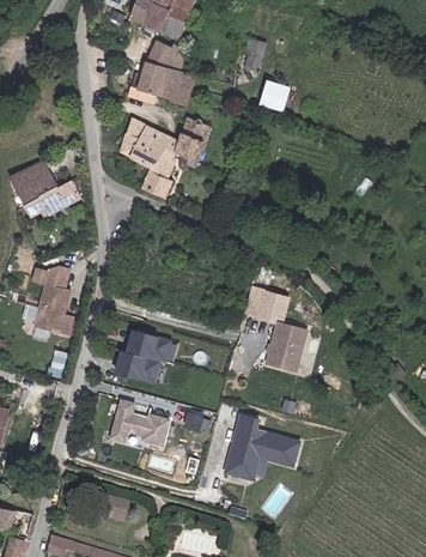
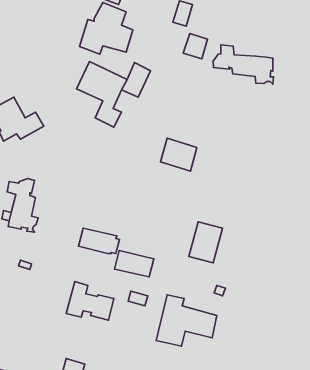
building: none -> [213,45,274,84]
building: [243,285,290,327] -> [160,138,197,171]
building: [110,351,160,385] -> [115,251,154,277]

